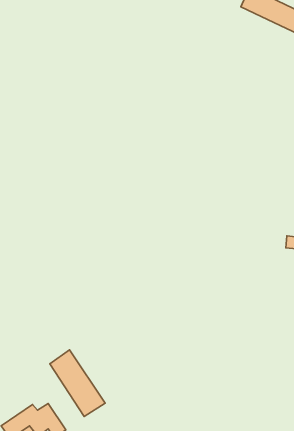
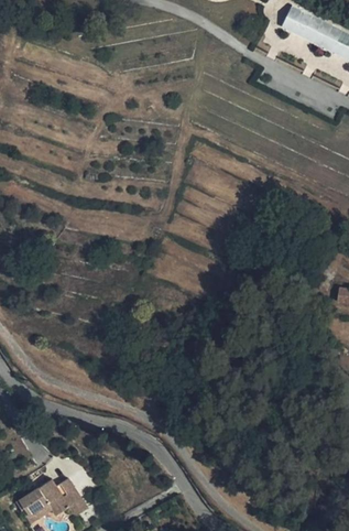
building: [50,350,105,417] -> none

